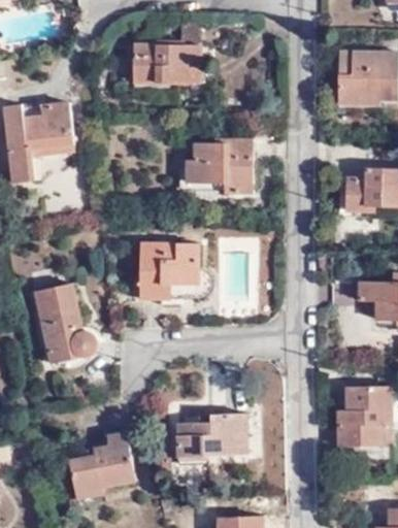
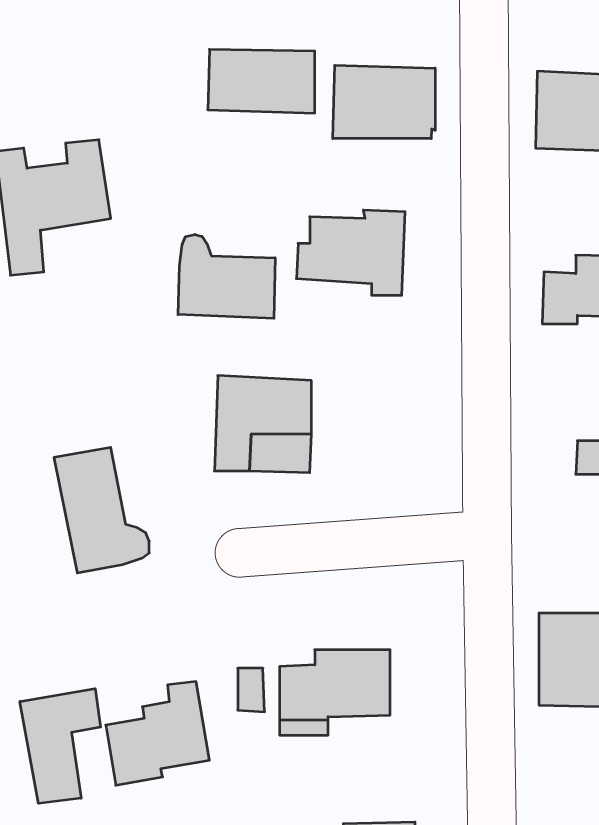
building: none -> [333,65,435,139]
building: none -> [178,234,275,318]
building: none -> [20,689,101,803]

